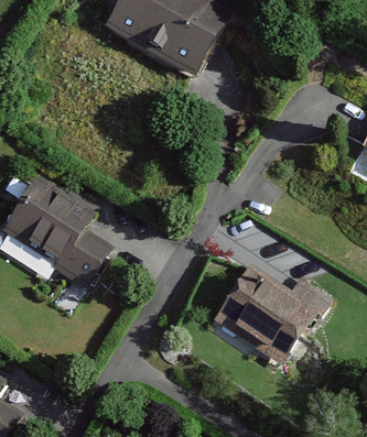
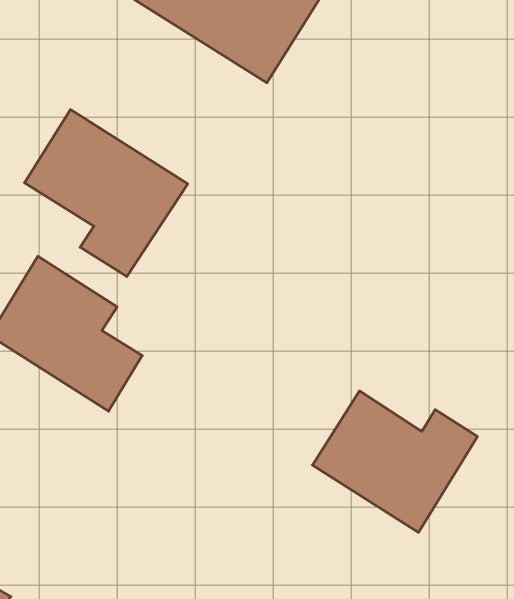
building: none -> [24,110,188,277]

